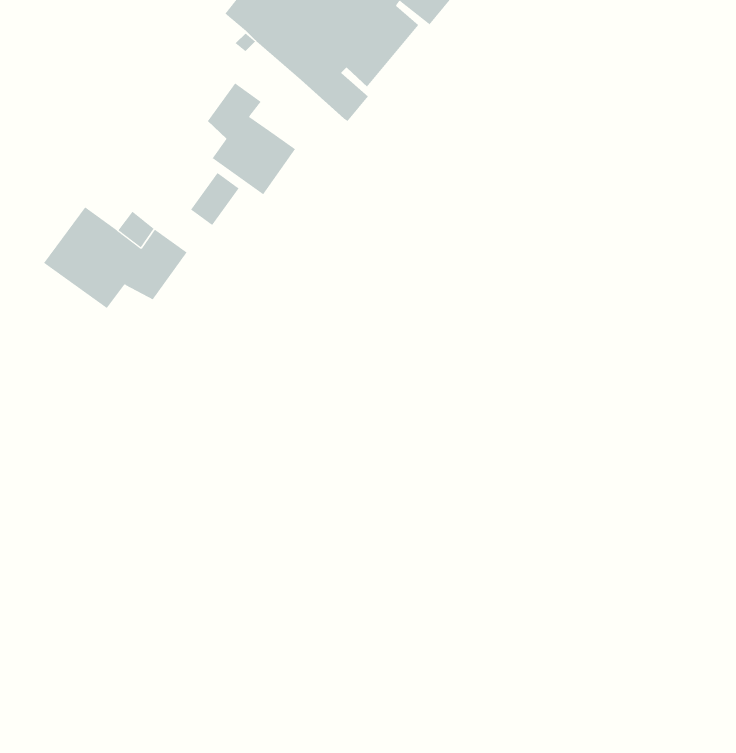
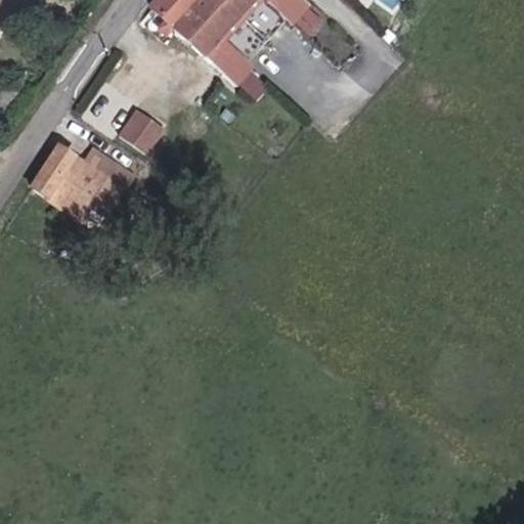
building: [207,83,296,195] -> none

